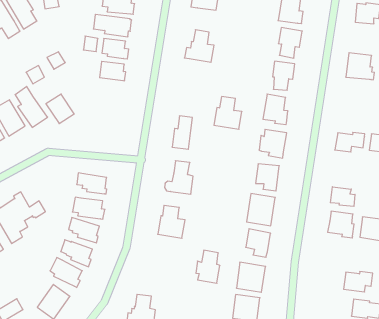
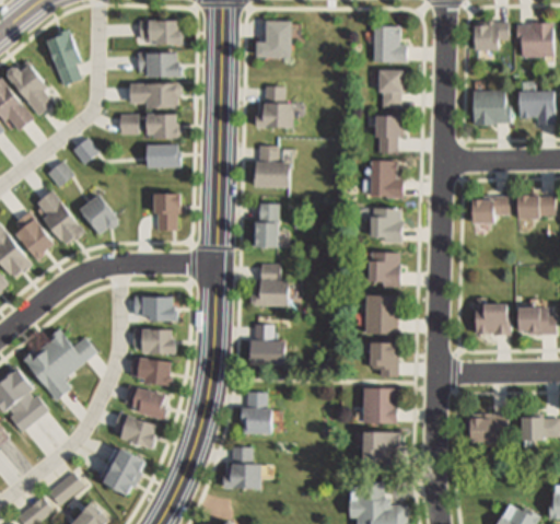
building: [214,97,242,129] -> [254,145,289,186]
building: none -> [152,194,183,230]
building: [330,187,355,206] -> none
building: [196,250,220,283] -> [241,392,271,433]
building: [344,272,373,292] -> [470,415,506,441]

